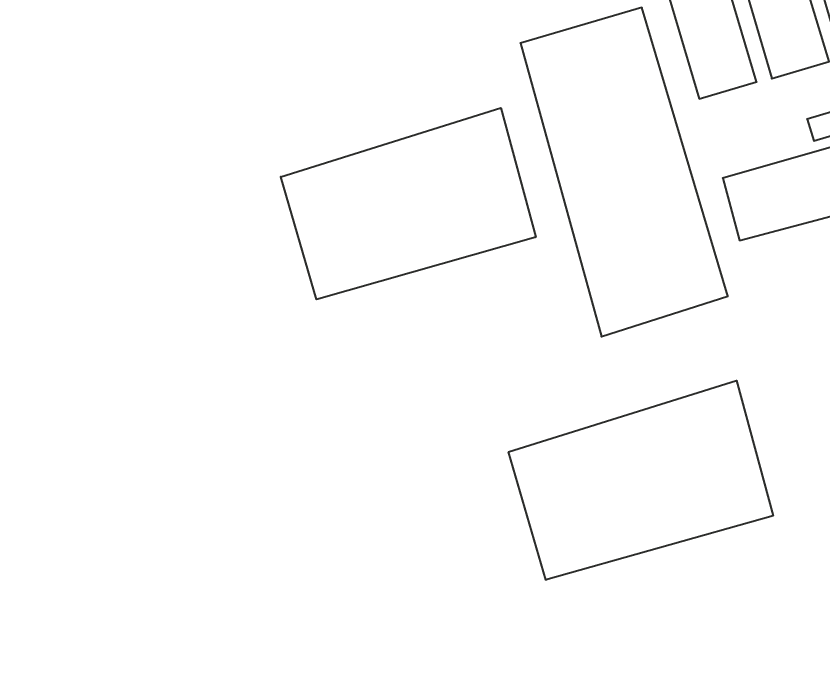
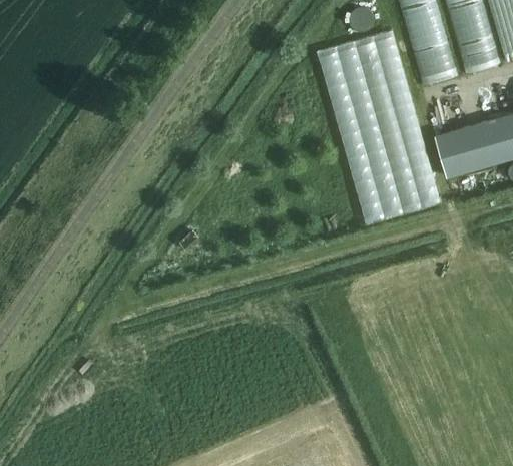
building: [281,108,536,299] -> none
building: [509,381,773,580] -> none

